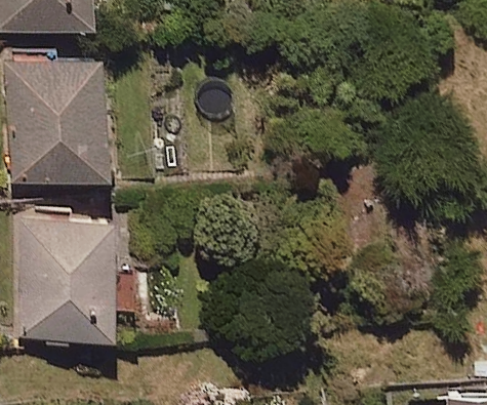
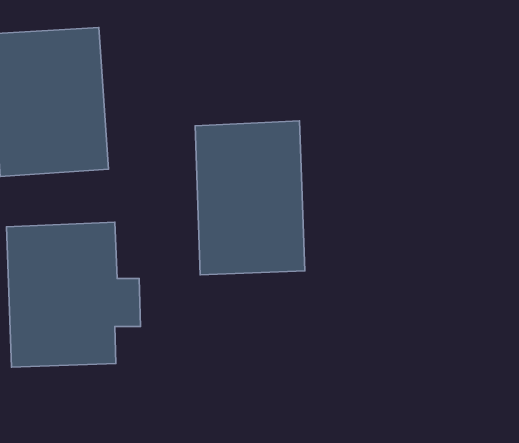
building: none -> [195,121,305,275]

